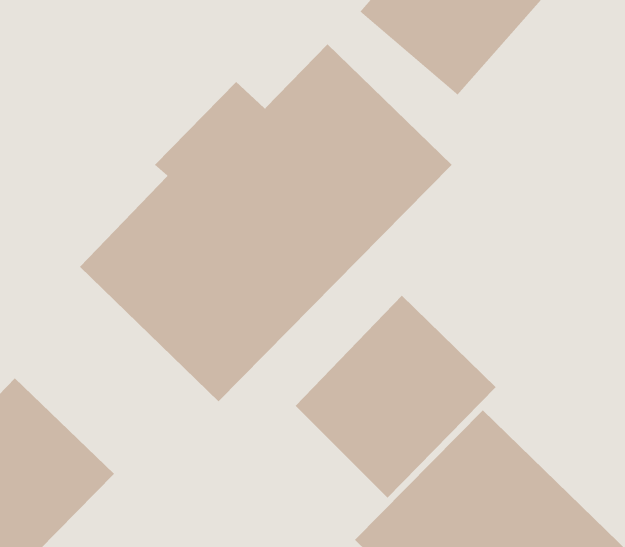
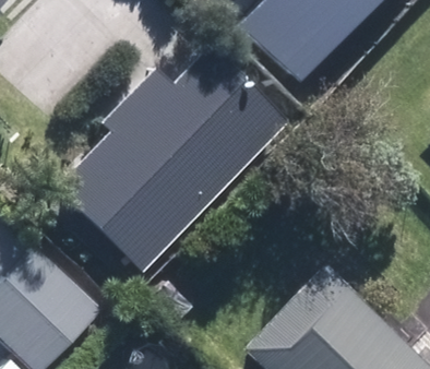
building: [295,295,497,499] -> none

